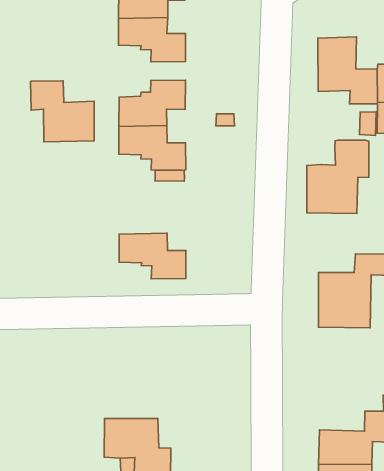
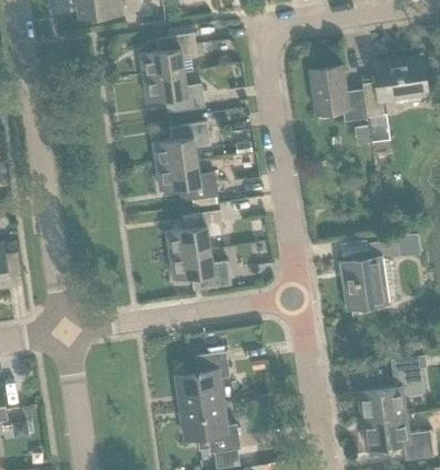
building: [30,81,94,142] -> none
building: [307,140,369,214] -> none
building: none -> [166,209,222,255]
building: none -> [174,351,230,408]

